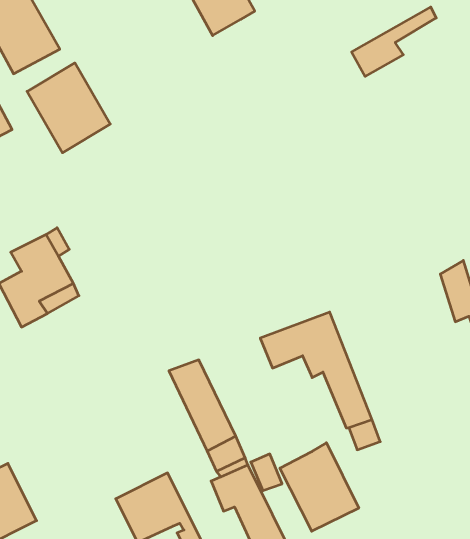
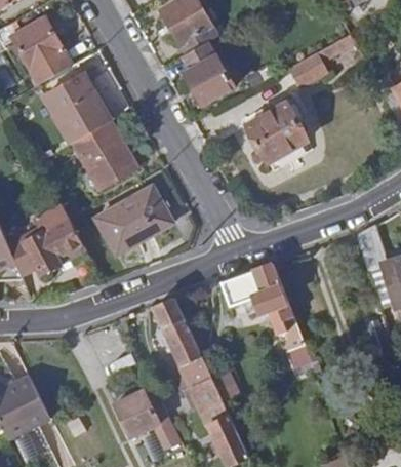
building: none -> [181,42,233,104]
building: none -> [248,104,308,161]
building: none -> [72,121,135,189]
building: none -> [95,186,173,255]
building: [280,443,359,531] -> none

